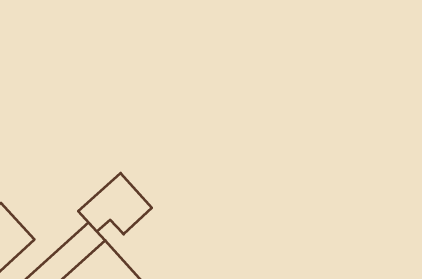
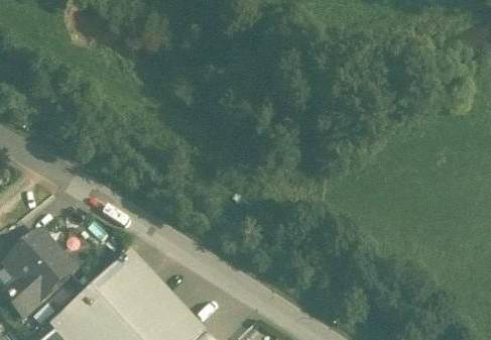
building: [78,173,152,234] -> none

